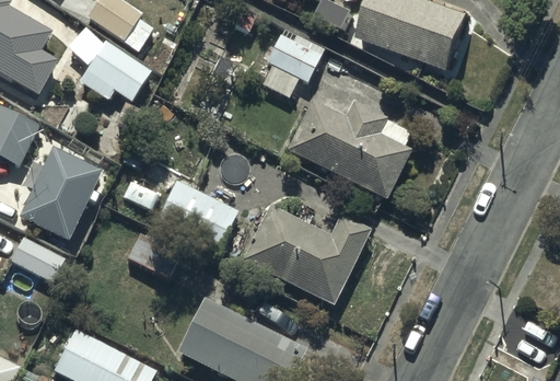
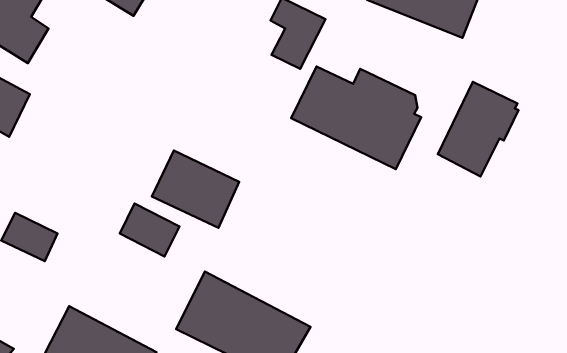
building: [79,43,150,103] -> none
building: none -> [438,82,519,177]
building: [19,150,101,242] -> none
building: [241,203,369,302] -> none

